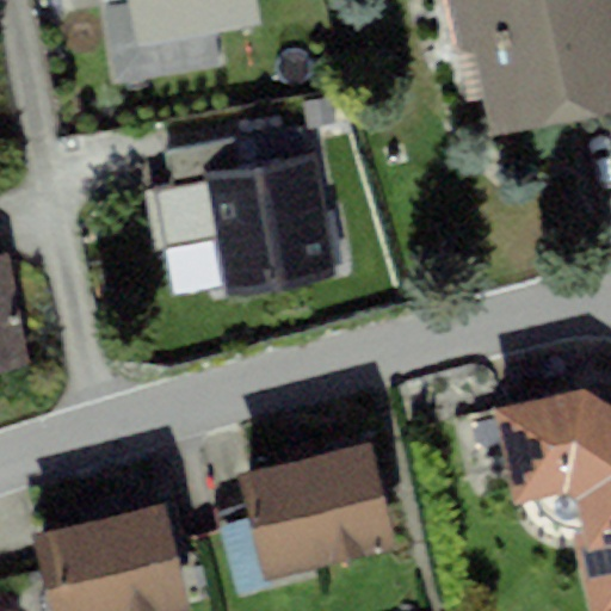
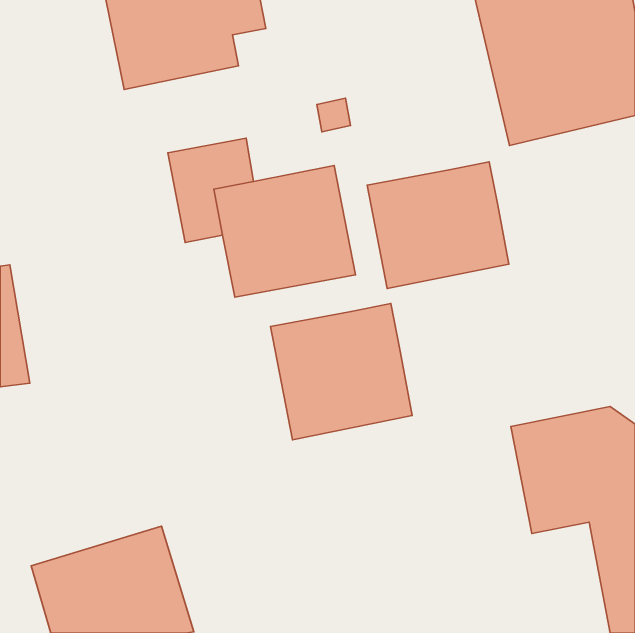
building: none -> [367,162,509,289]
building: none -> [270,303,412,440]
building: [243,442,397,576] -> none

